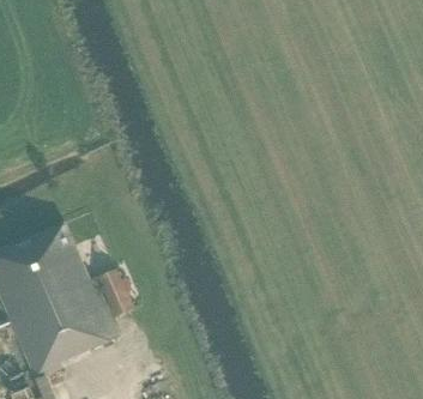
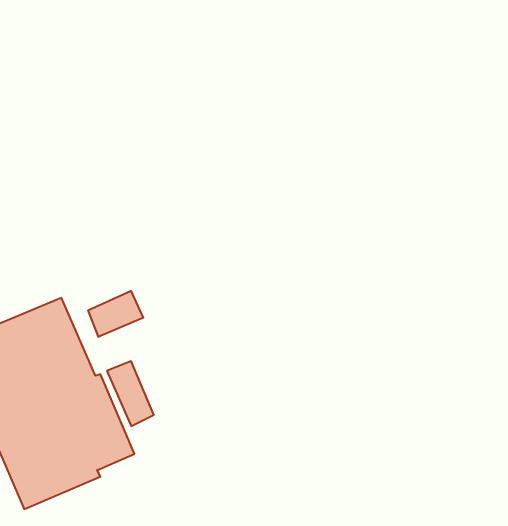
building: none -> [88,291,143,337]

